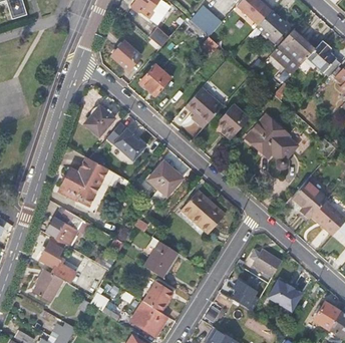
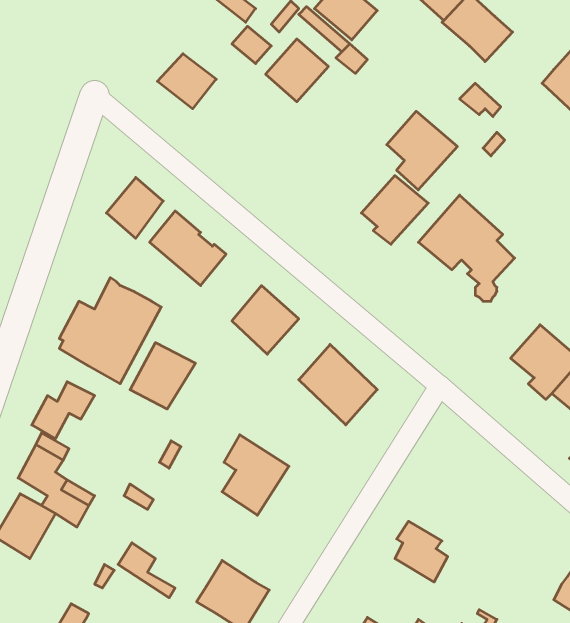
building: [279,31,313,64] -> none
building: [139,64,171,96] -> [266,39,328,102]
building: [186,88,222,128] -> [387,111,457,190]
building: none -> [130,343,195,409]
building: [253,250,281,277] -> none
building: [267,280,301,312] -> none
building: [143,281,174,312] -> none

